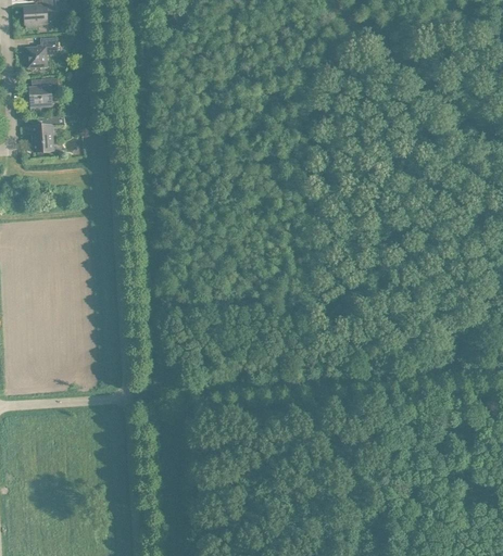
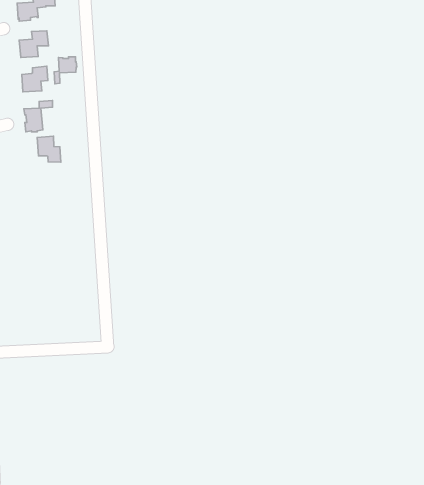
building: none -> [54,57,77,84]
building: none -> [37,136,61,162]

